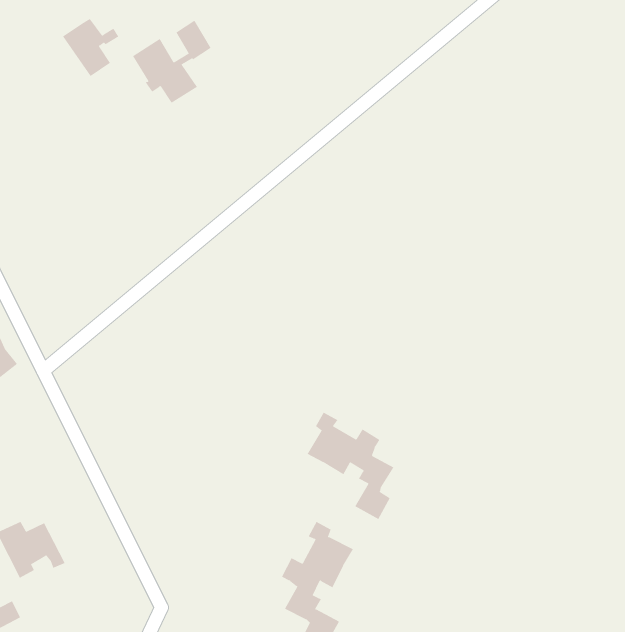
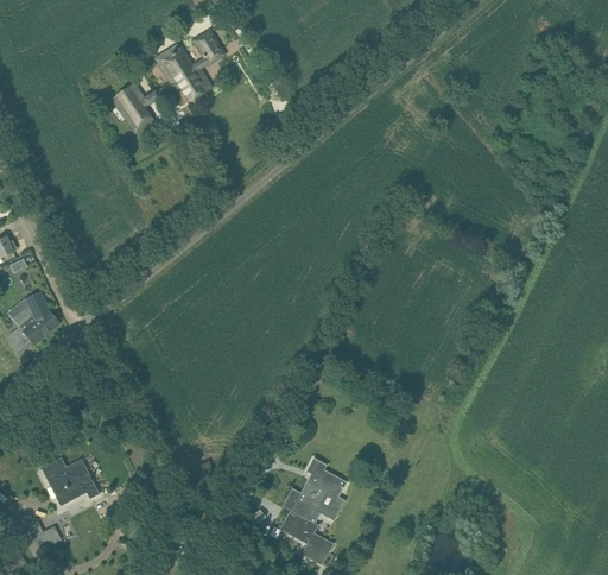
building: [62,18,119,77] -> [112,82,160,132]
building: [307,412,394,520] -> none

